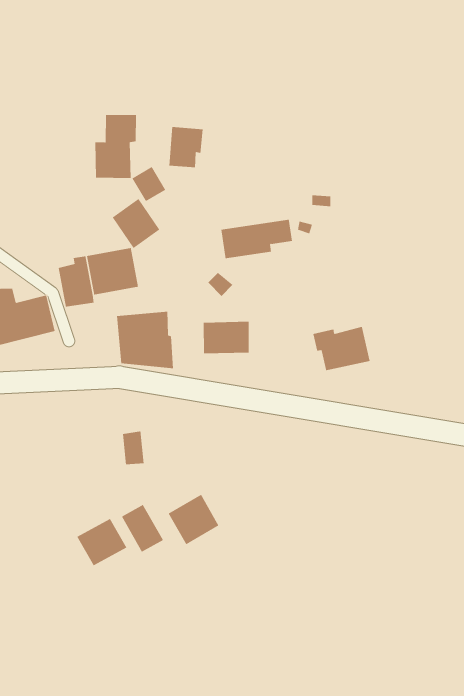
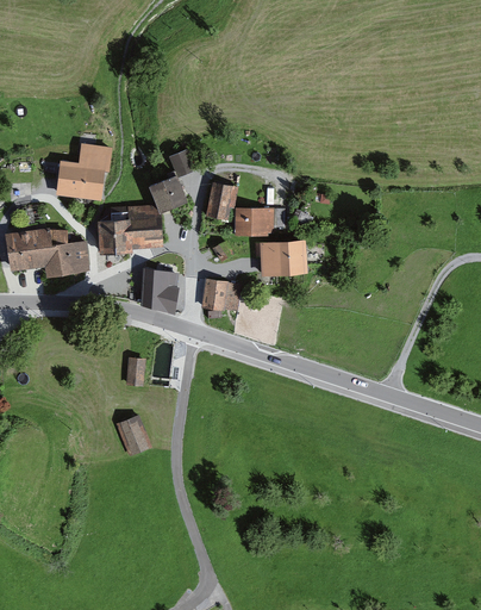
building: [94,115,137,178] -> [69,147,110,200]
building: [168,126,203,168] -> [201,182,233,218]
building: [312,326,371,371] -> [257,241,300,273]
building: [168,494,219,545] -> none
building: [77,518,127,566] -> none

